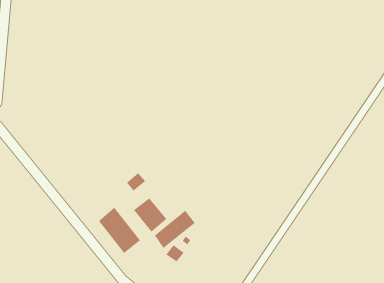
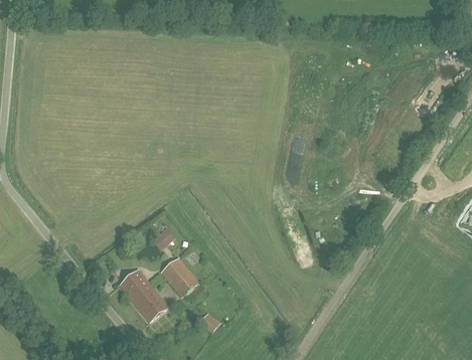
building: [154,210,196,249] -> none

